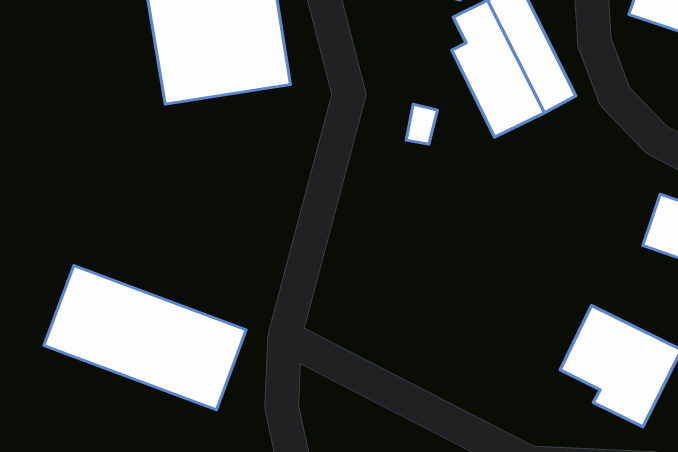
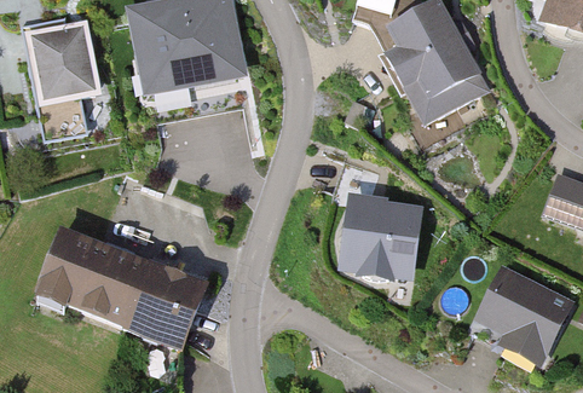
building: none -> [19,15,102,143]
building: none -> [334,197,422,276]

